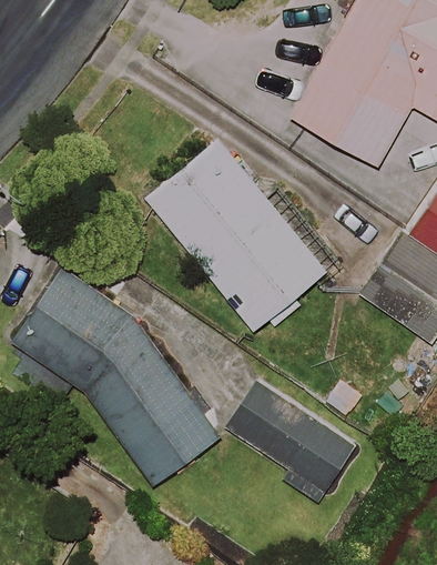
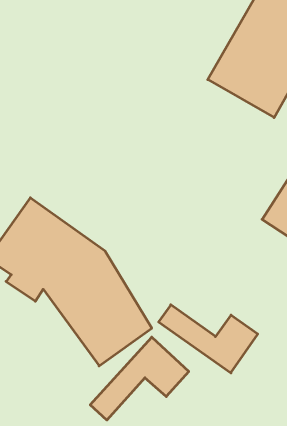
building: [149,138,327,327] -> none
building: none -> [90,337,189,420]

